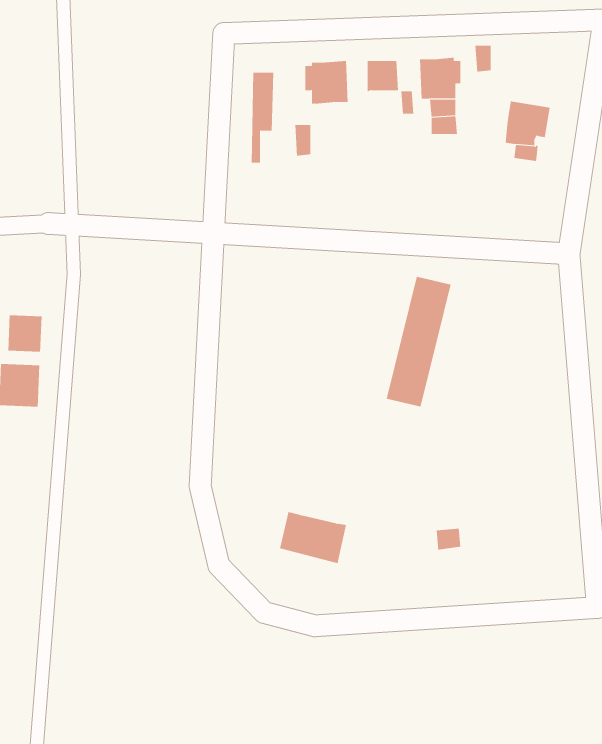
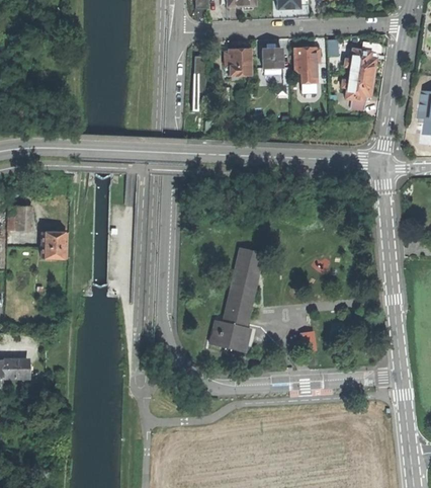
building: none -> [348,49,375,77]
building: [386,276,451,407] -> [223,248,262,327]
building: [8,315,42,352] -> none

